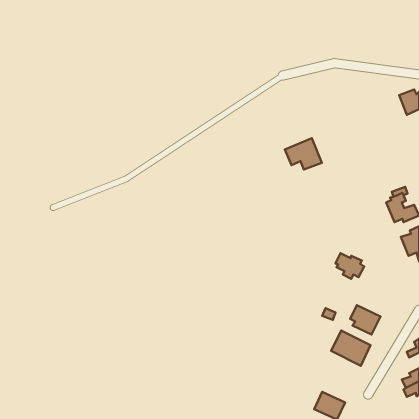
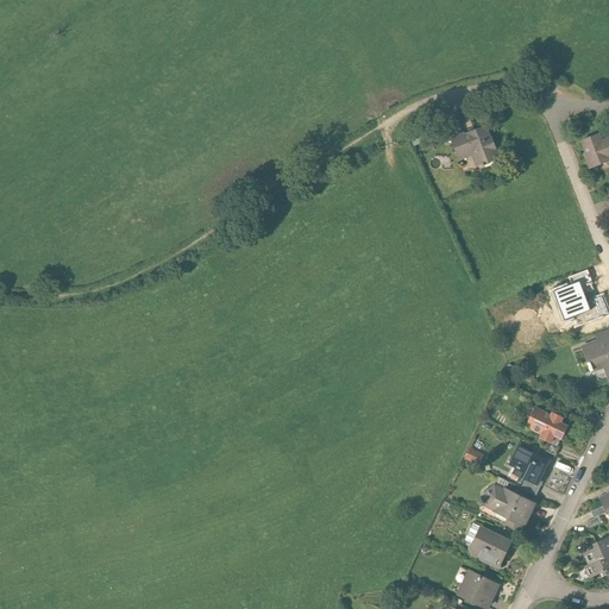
building: [285,138,322,169] -> [448,126,502,171]
building: [336,253,364,279] -> [528,404,570,441]
building: none -> [466,522,514,569]

